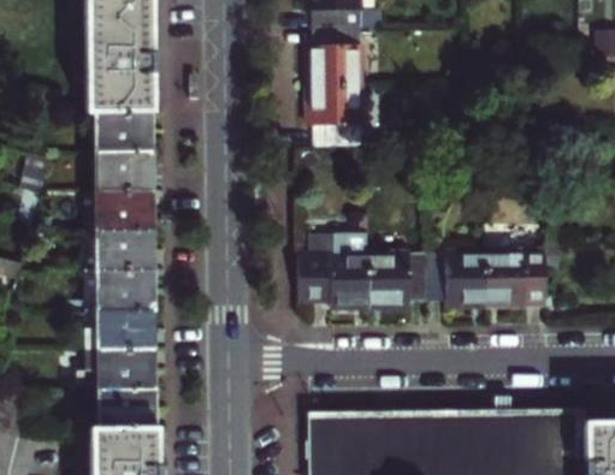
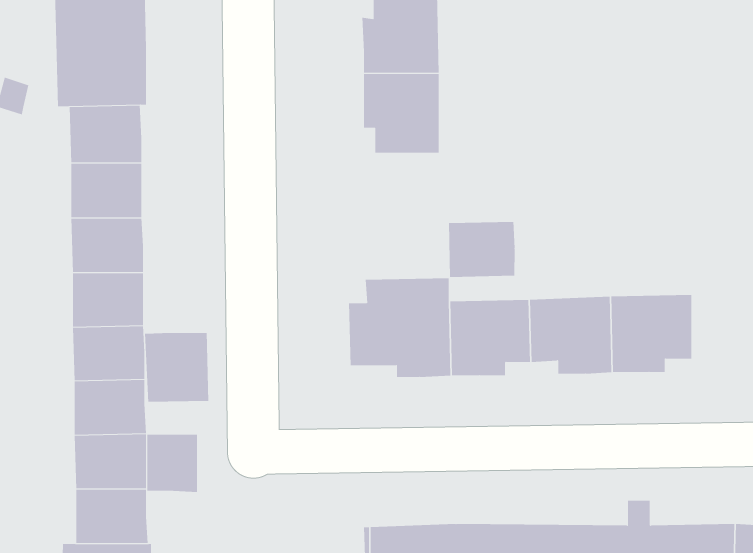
building: none -> [449,221,515,278]
building: none -> [144,332,209,402]
building: none -> [147,434,198,493]

